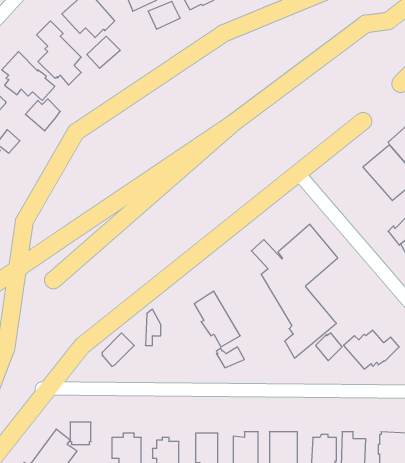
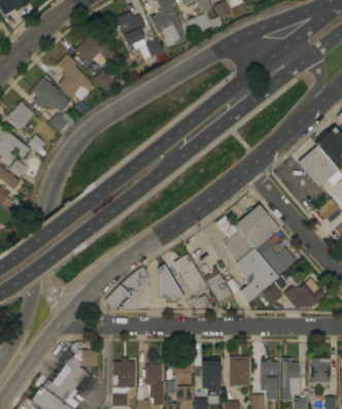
building: none -> [255,234,296,276]
building: none -> [158,265,183,300]
building: none -> [204,269,234,306]
building: none -> [118,270,138,310]

